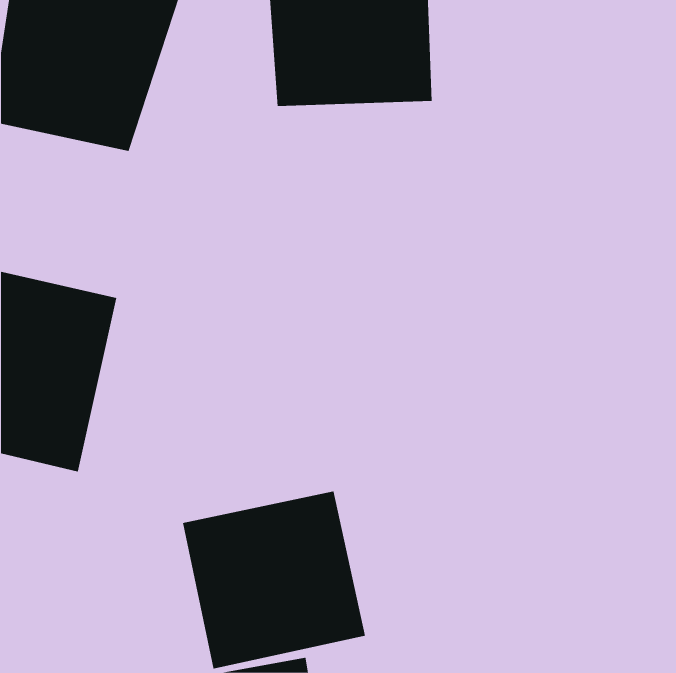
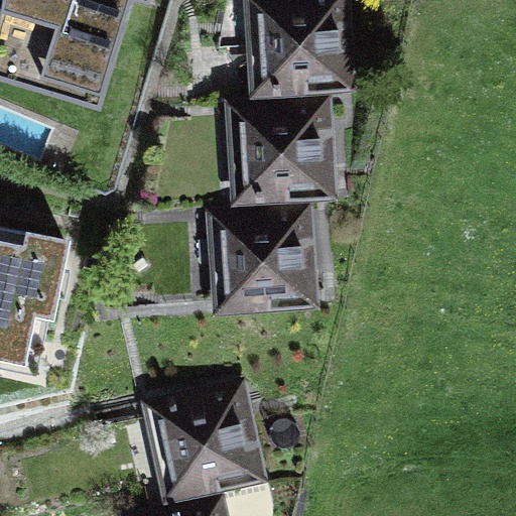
building: none -> [207,84,328,198]
building: none -> [208,199,318,309]

